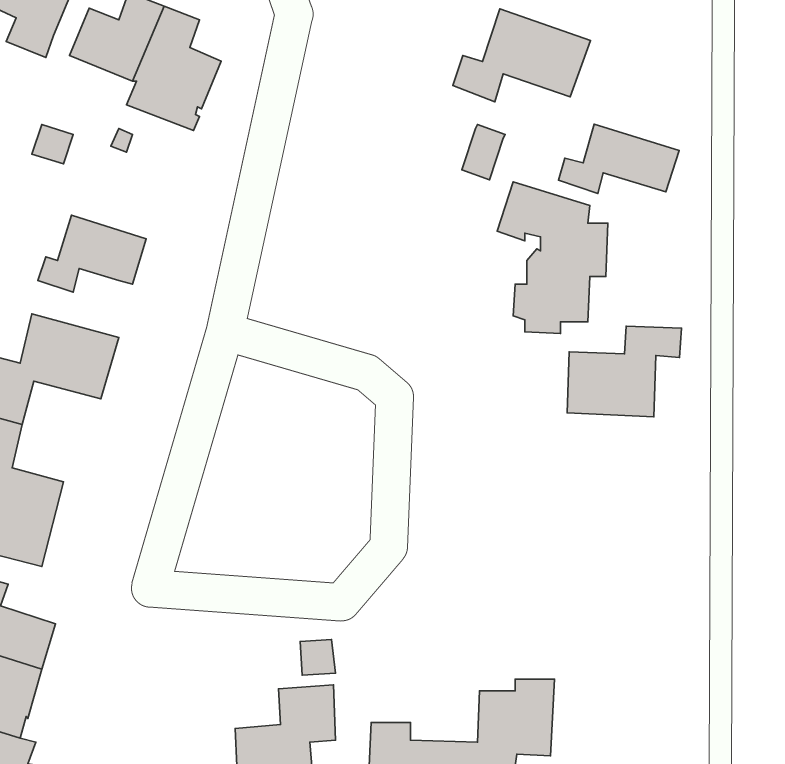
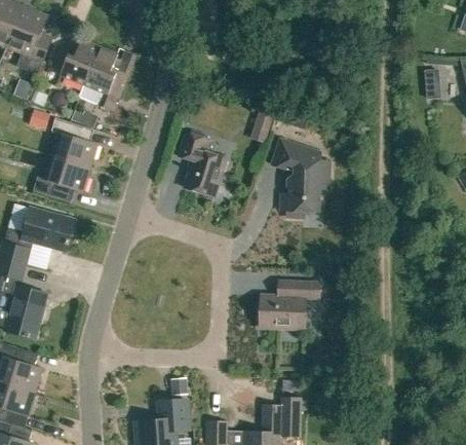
building: [453,9,590,102] -> none
building: [558,124,679,194] -> none
building: none -> [50,118,98,169]
building: none -> [178,133,227,196]
building: [567,326,682,417] -> [260,282,319,329]

